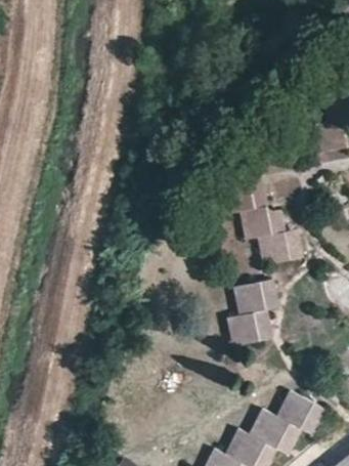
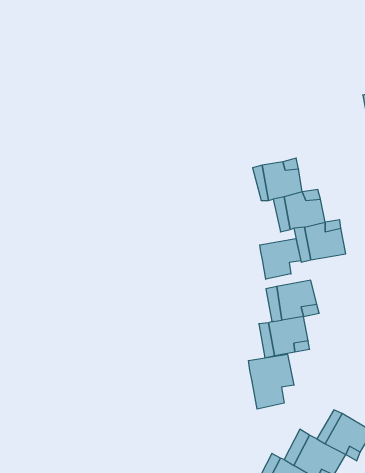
building: none -> [260,239,301,279]
building: none -> [248,354,294,409]

